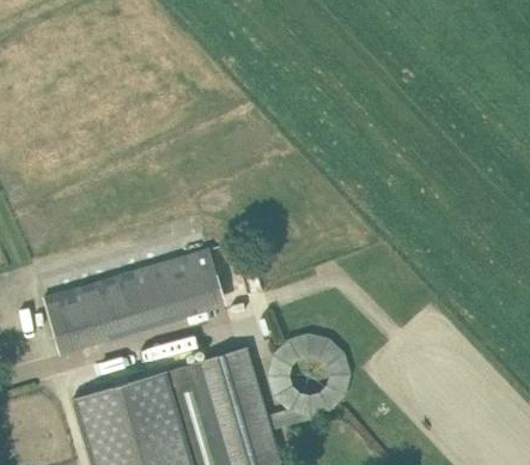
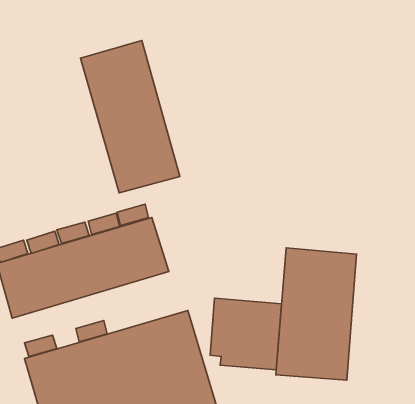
building: none -> [81,40,180,193]
building: none -> [276,248,356,380]

